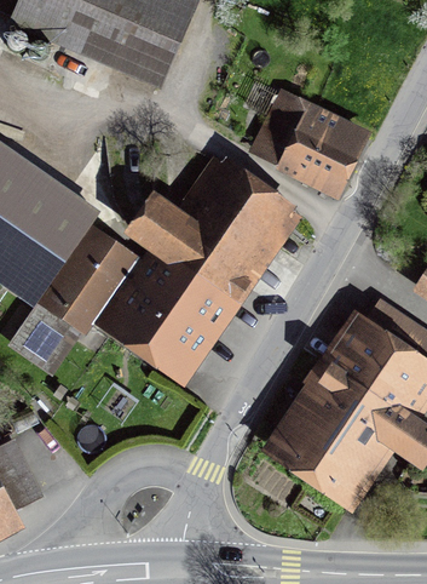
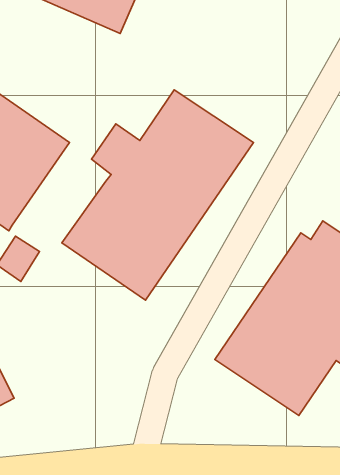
building: [249,85,371,196] -> none
building: [39,222,142,333] -> none

